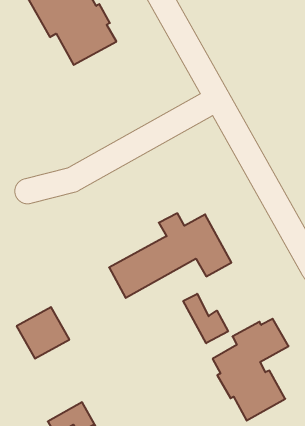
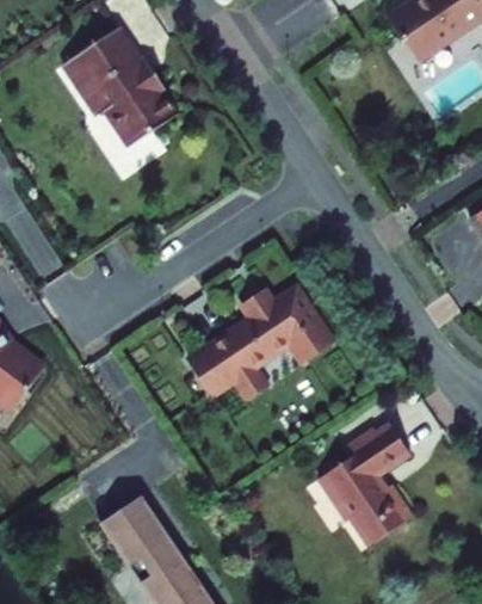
building: [183,294,228,343] -> none
building: [17,307,69,359] -> [105,505,169,568]

